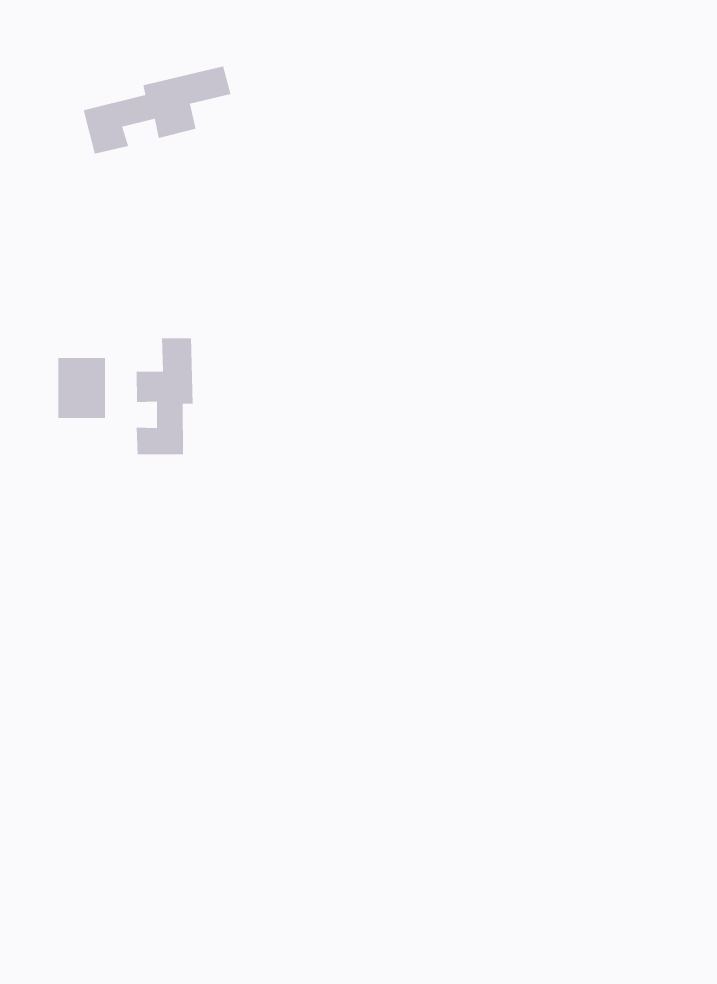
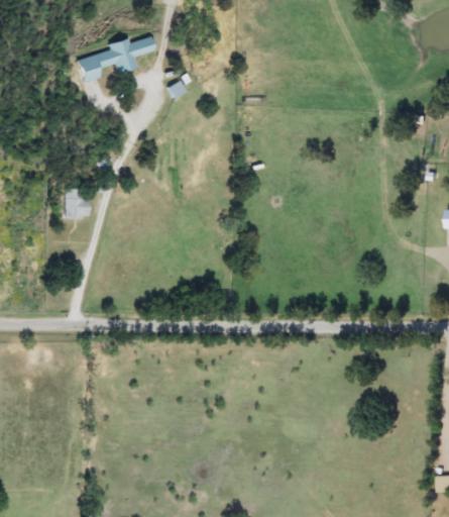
building: [136,338,193,455] -> none

